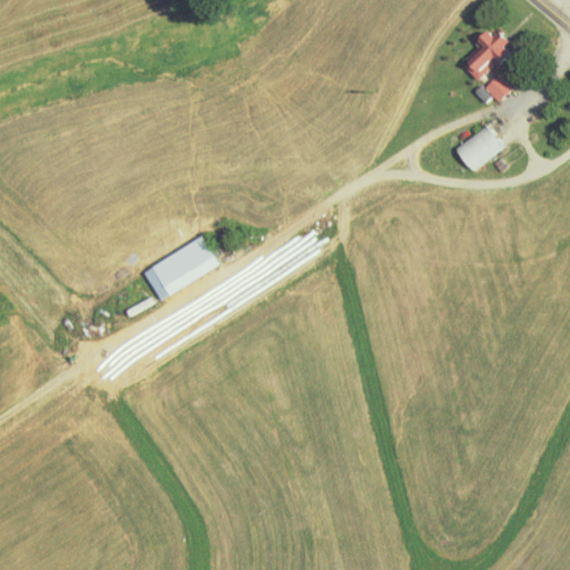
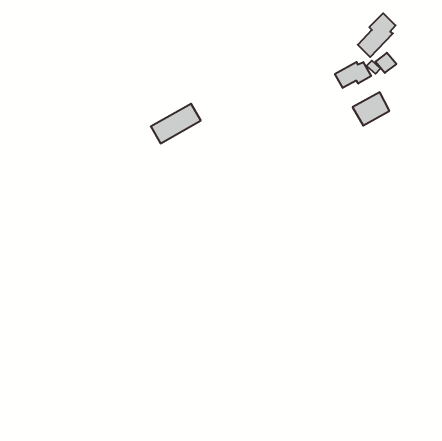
building: none -> [335,62,371,88]
building: [153,238,216,288] -> [151,104,201,143]

